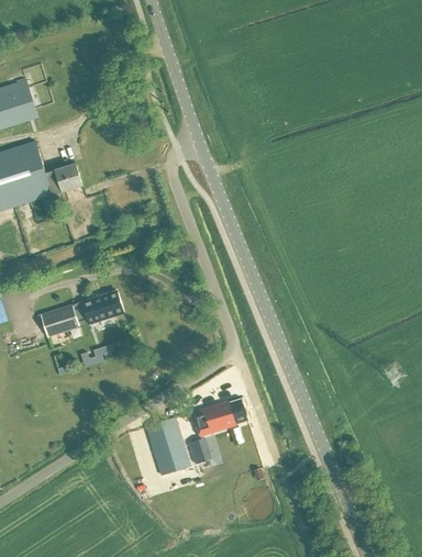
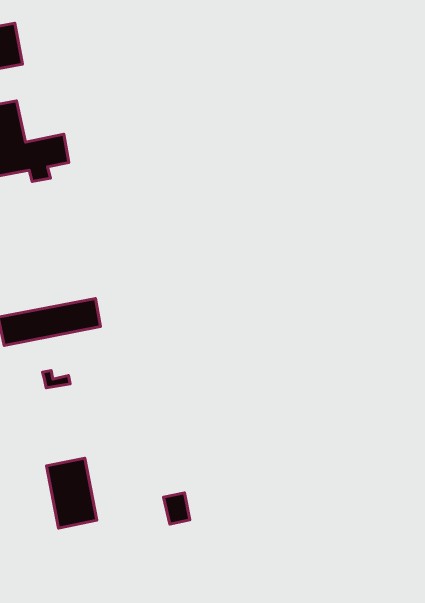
building: [191,398,247,436] -> none
building: [145,417,190,476] -> [47,458,97,528]

